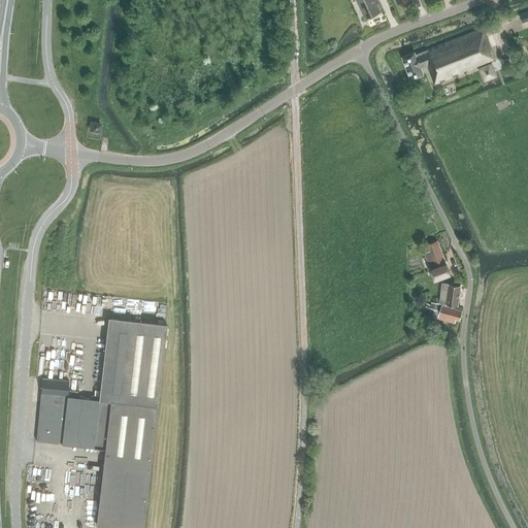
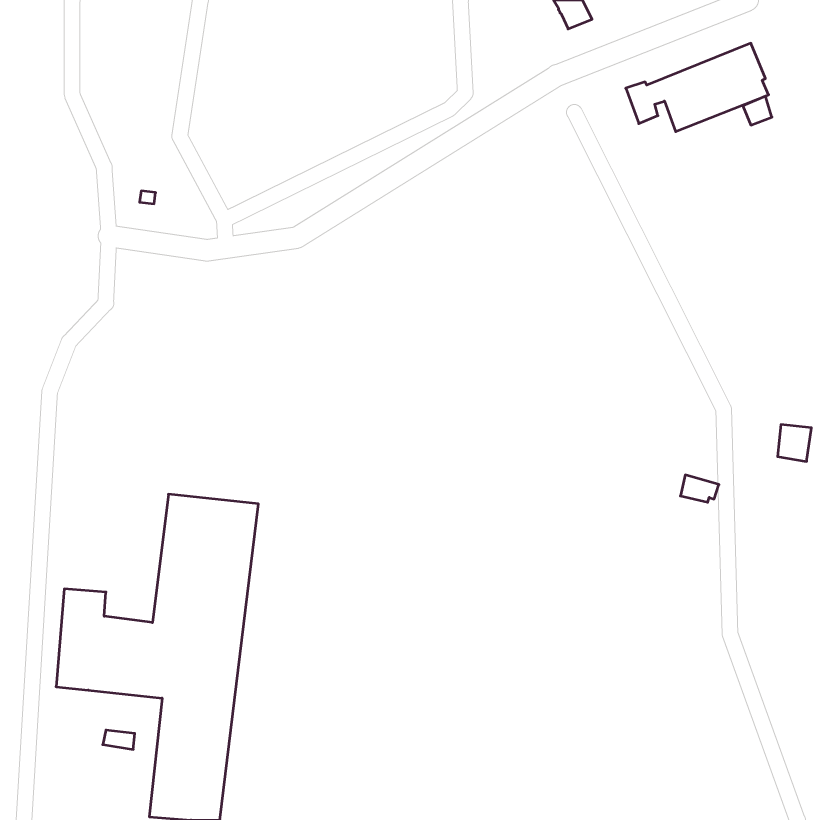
building: [424,240,450,279] -> none
building: [439,283,461,306] -> [778,425,811,461]

